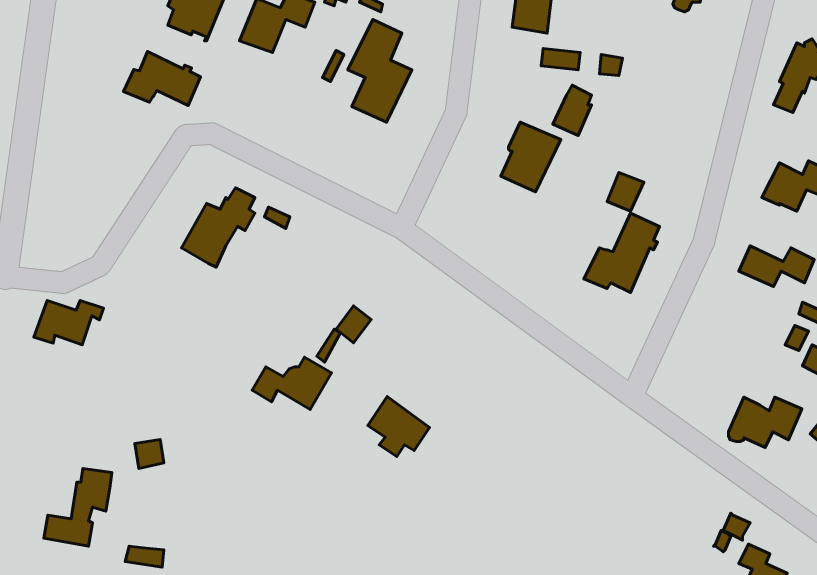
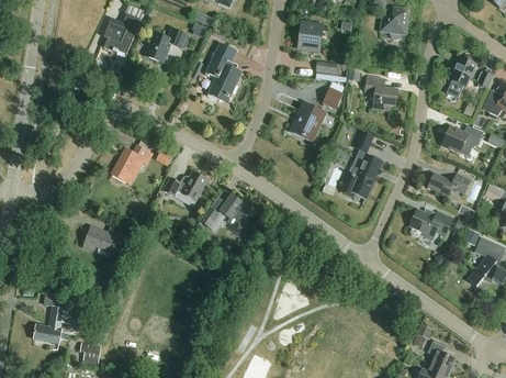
building: [123,52,201,105] -> none
building: none -> [364,76,397,111]
building: [34,300,103,345] -> [82,226,122,252]
building: [252,357,332,410] -> [162,171,207,201]
building: [368,396,430,456] -> [220,194,255,229]
building: [728,397,802,447] -> [411,211,452,240]

